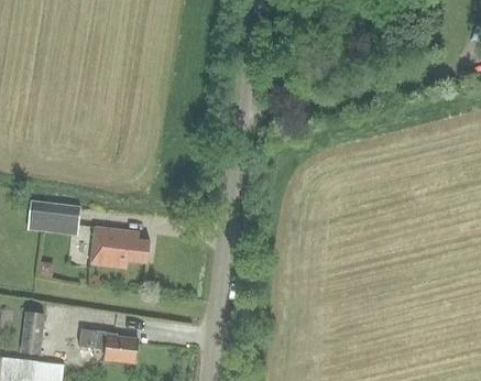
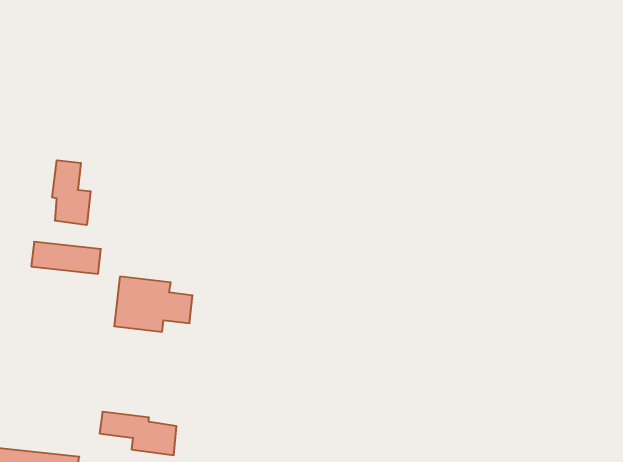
building: none -> [52,160,91,225]
building: [20,312,45,355] -> none

